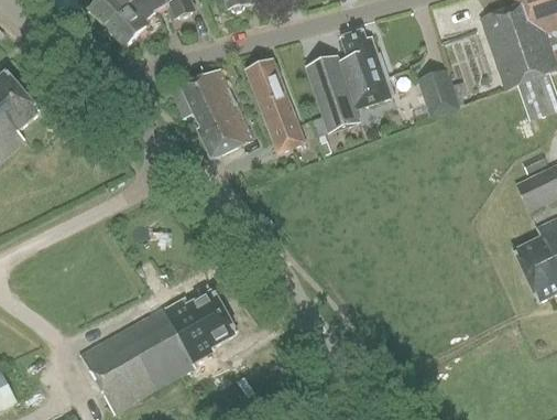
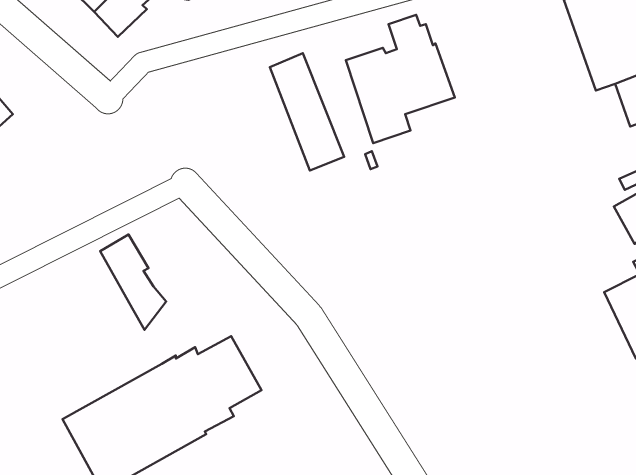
building: [179,67,252,158] -> none
building: [422,68,461,116] -> none
building: none -> [100,234,166,330]

